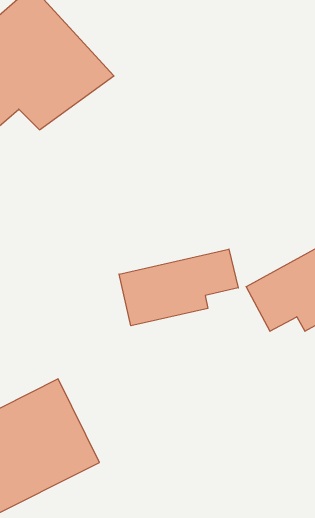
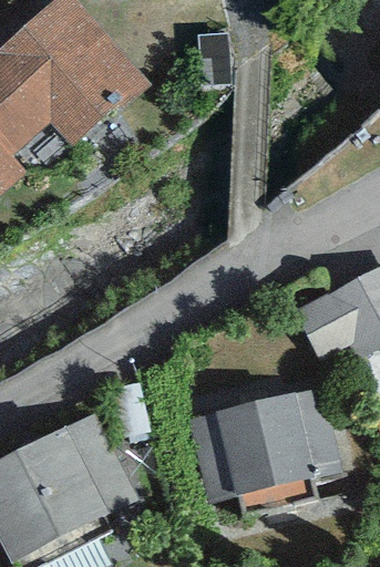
building: [119,249,238,326] -> none
building: none -> [187,389,336,504]

